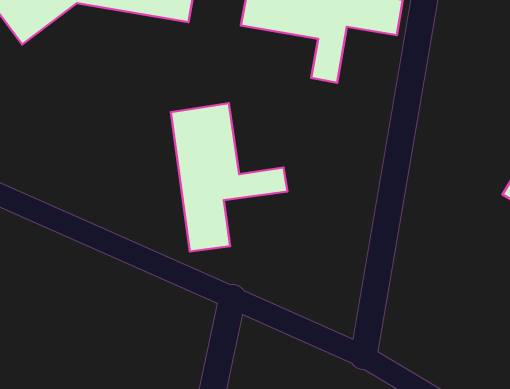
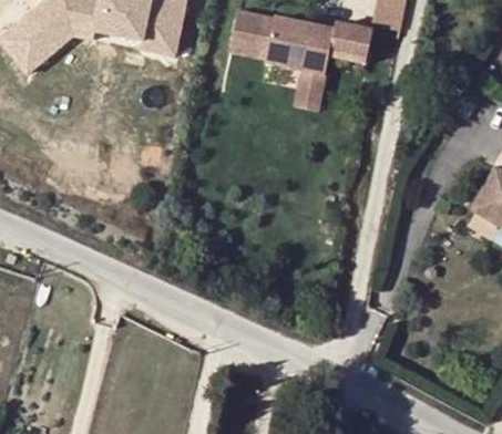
building: [171,103,287,252] -> none

